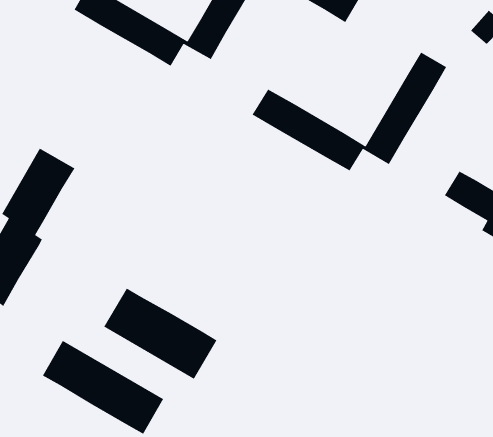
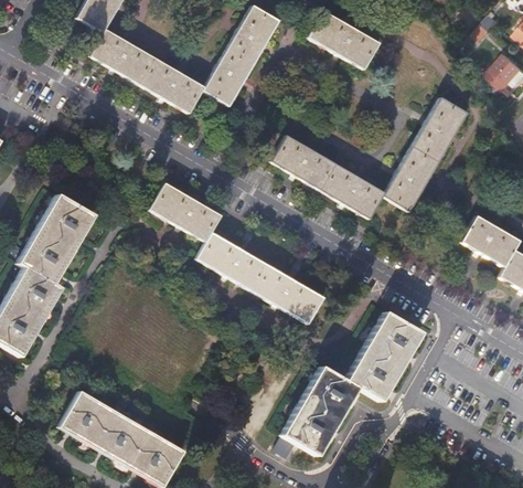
building: none -> [148,182,322,323]
building: none -> [277,316,420,458]
building: [103,287,217,380] -> none

